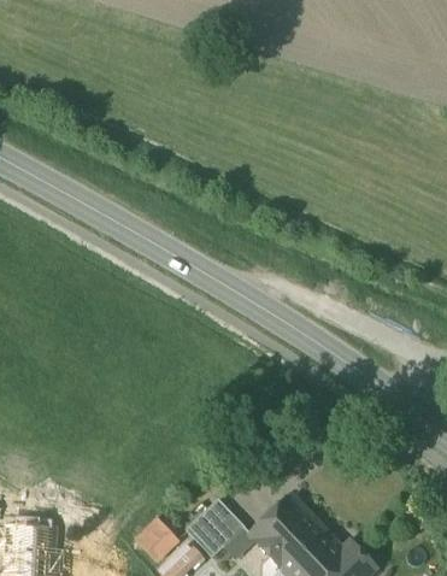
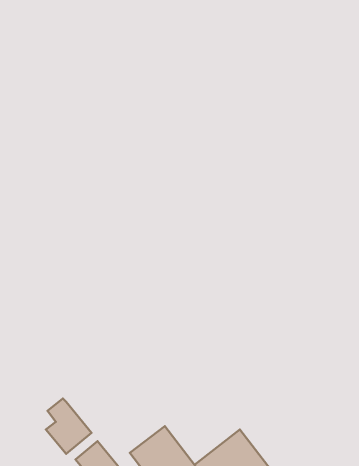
building: none -> [46,398,92,454]

